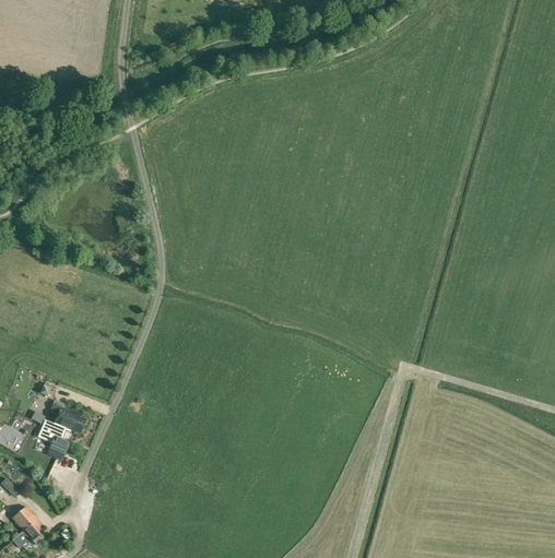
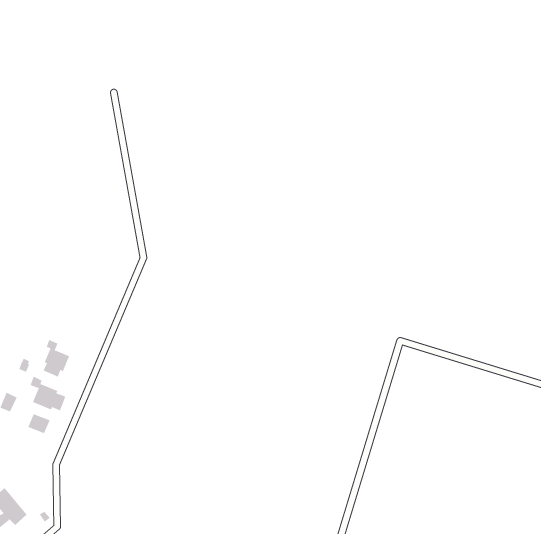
building: none -> [43,339,70,378]

